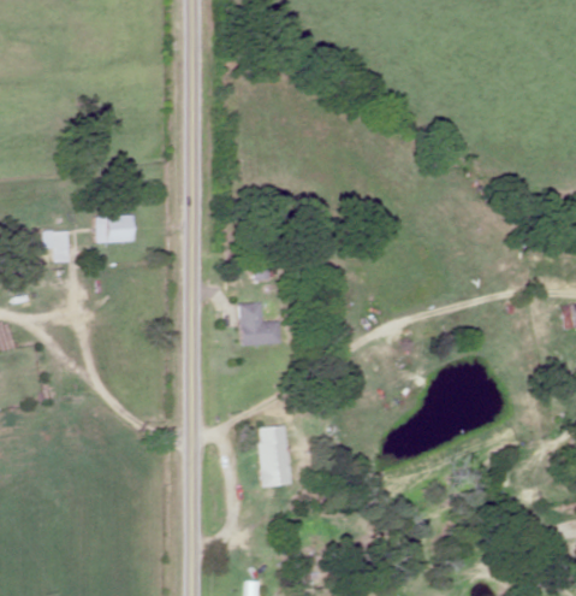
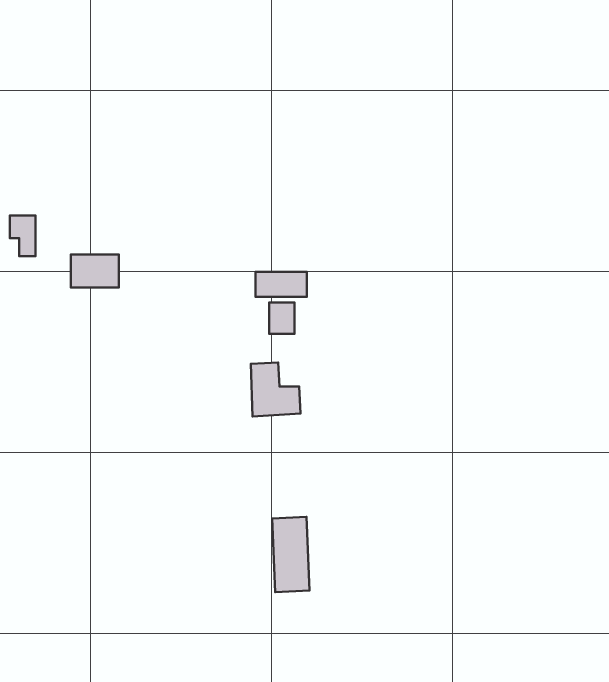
building: none -> [255,272,307,297]
building: [48,231,69,264] -> [10,216,36,256]

